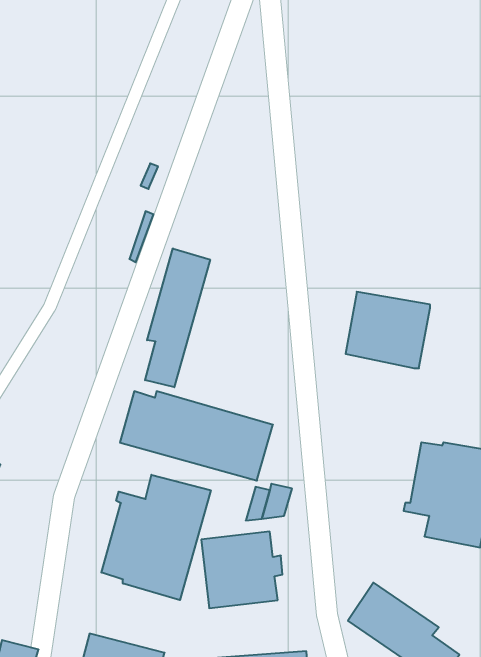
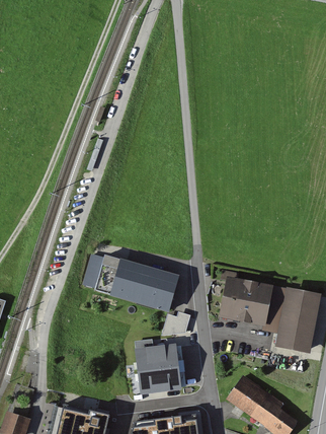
building: [145,248,210,387] -> none
building: [346,292,430,368] -> [219,276,272,324]
building: [101,475,211,600] -> none

